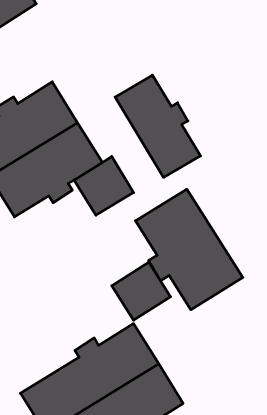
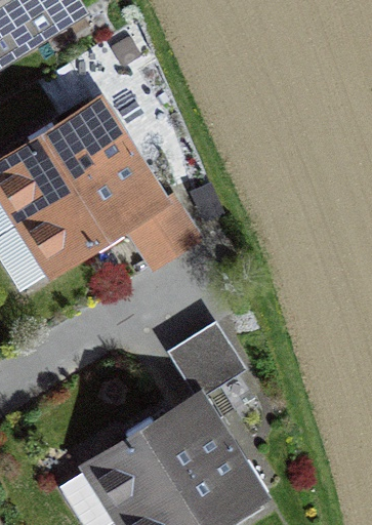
building: [115,75,201,177] -> none
building: [135,189,243,310] -> none

